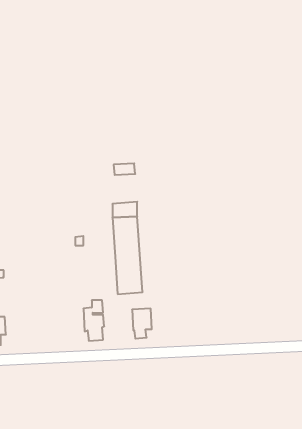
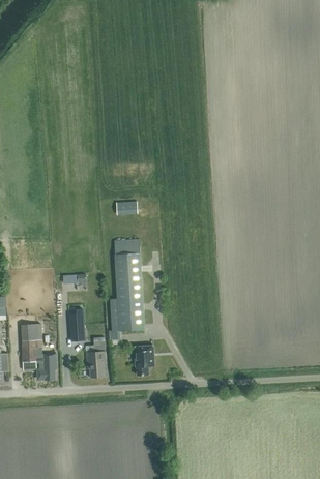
building: none -> [68,308,85,341]
building: none -> [21,324,56,381]

